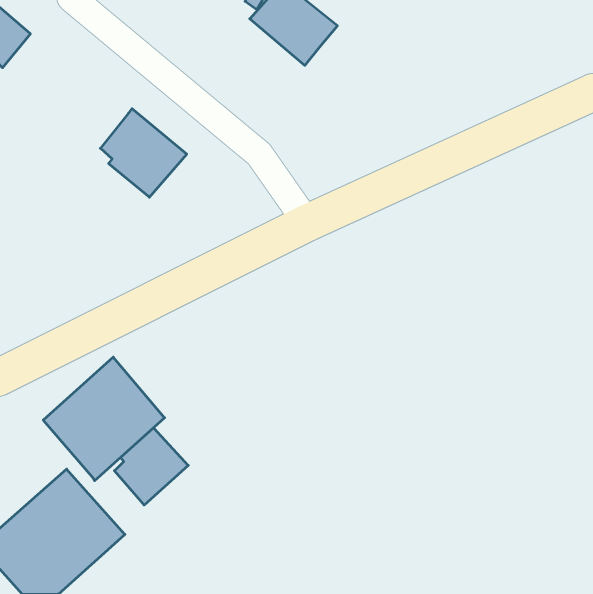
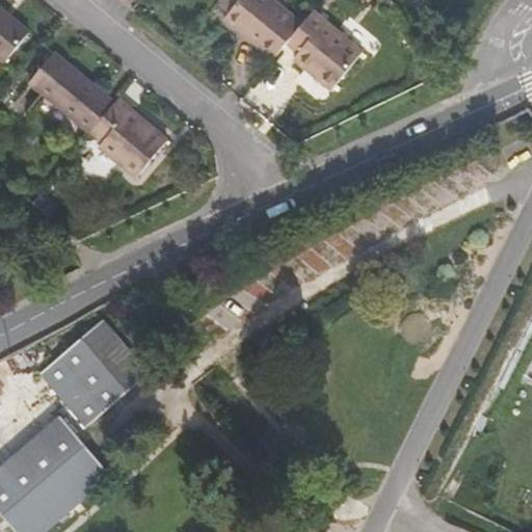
building: none -> [285,9,361,88]
building: none -> [28,52,114,132]
building: [114,428,188,505] -> none

